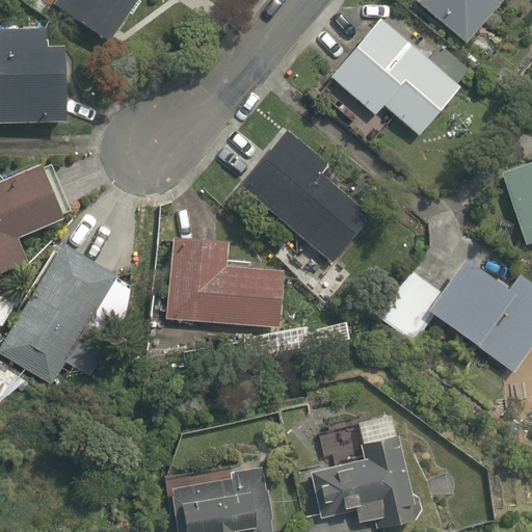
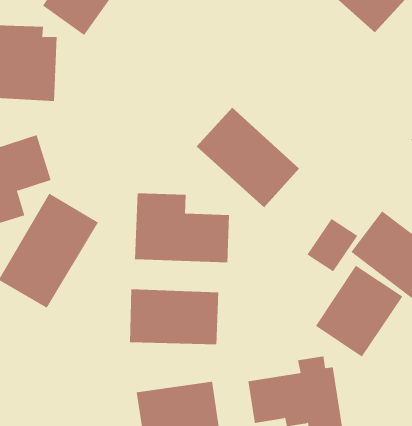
building: [336,22,458,134] -> none
building: none -> [315,265,403,358]
building: none -> [129,289,219,345]

